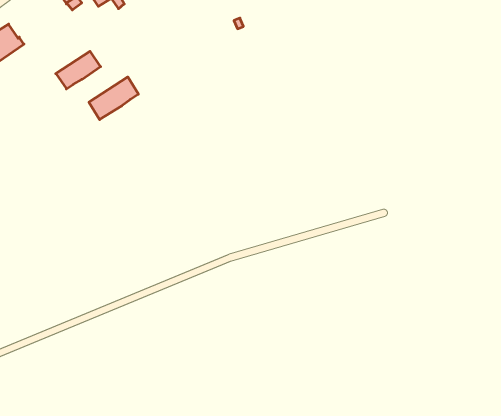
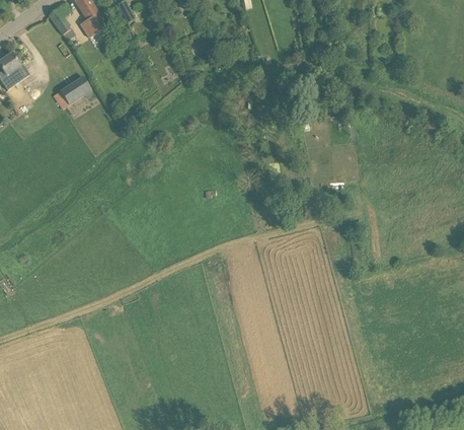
building: [89,77,138,120] -> none

